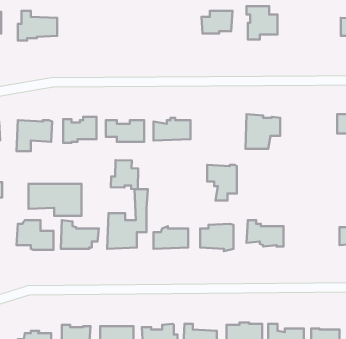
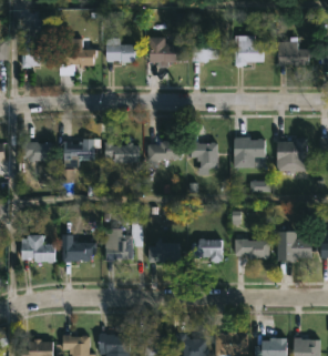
building: none -> [150,37,182,68]
building: none -> [279,37,312,64]
building: none -> [106,38,139,62]
building: none -> [59,39,96,74]
building: none -> [277,138,309,173]
building: [111,160,138,189] -> none
building: [207,165,237,201] -> [191,142,218,175]
building: [28,184,82,216] -> none
building: none -> [277,232,312,262]

